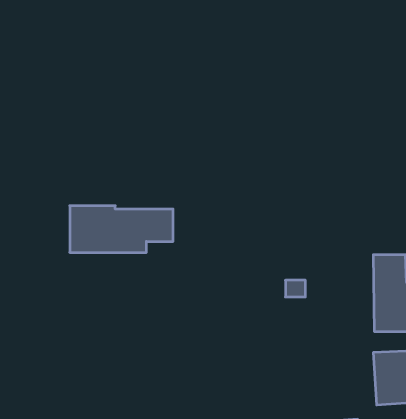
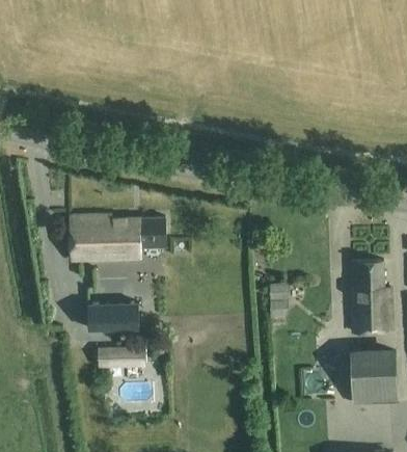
building: none -> [87,304,138,331]
building: none -> [92,345,145,367]

